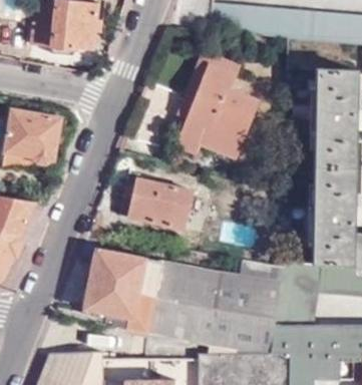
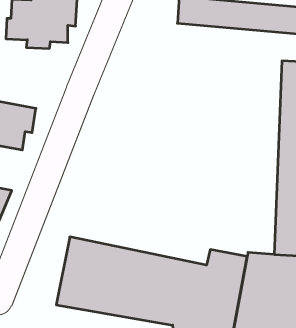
building: [177,52,258,157] -> none
building: [129,179,194,230] -> none

